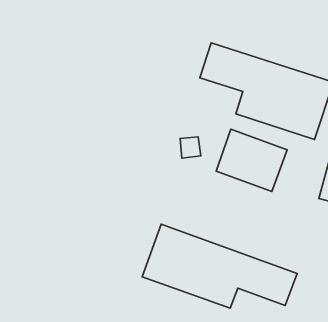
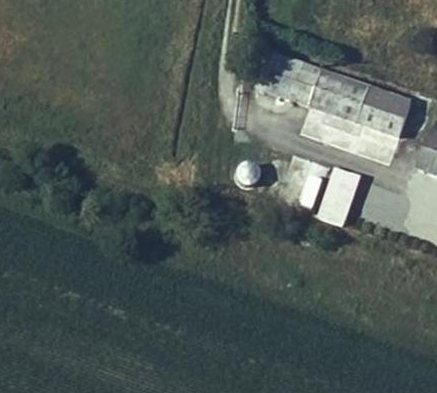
building: [142,224,297,308] -> none

